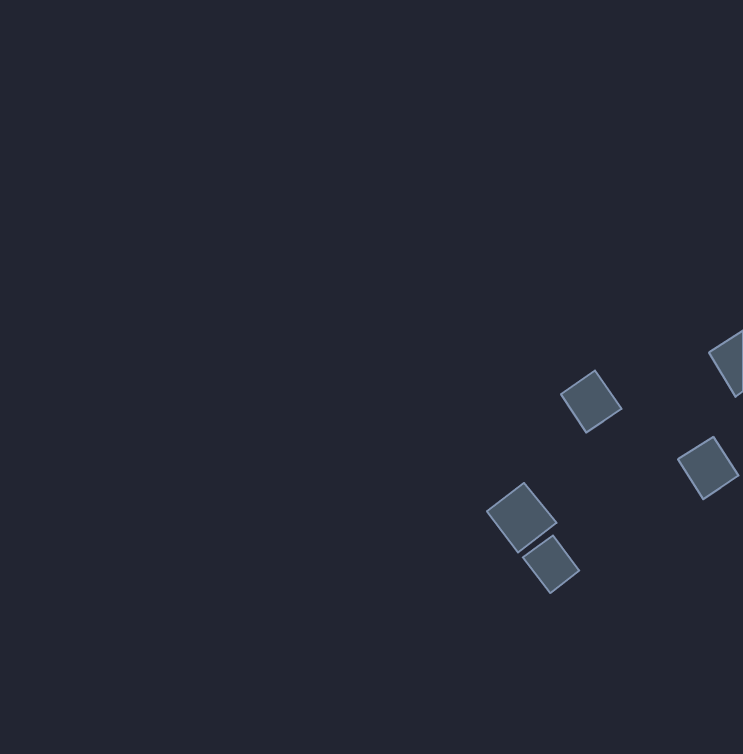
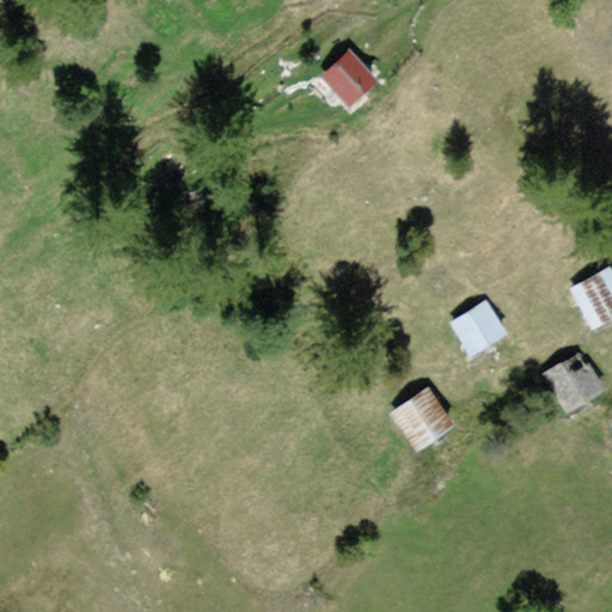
building: none -> [326,53,380,106]
building: [523,535,579,593] -> none

